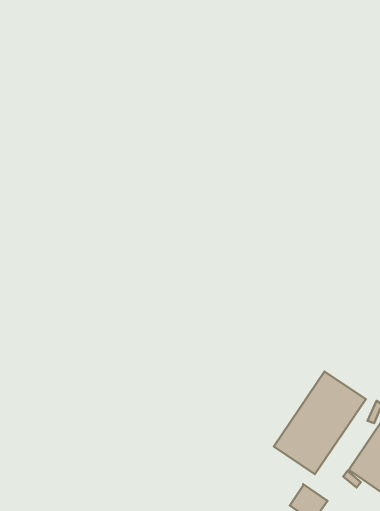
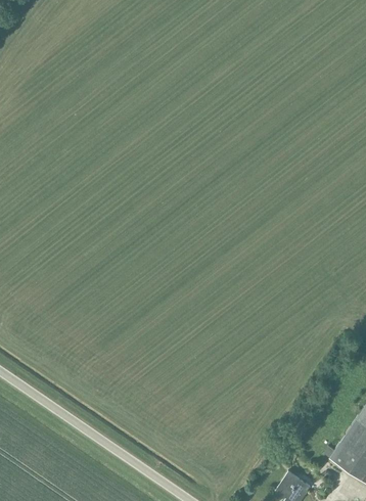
building: [274,372,366,474] -> none

